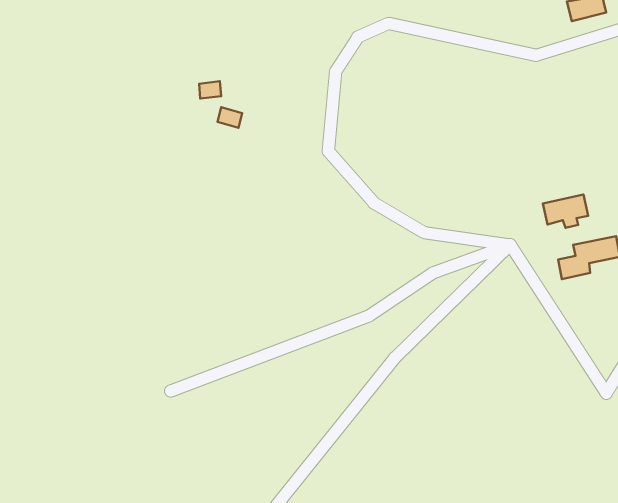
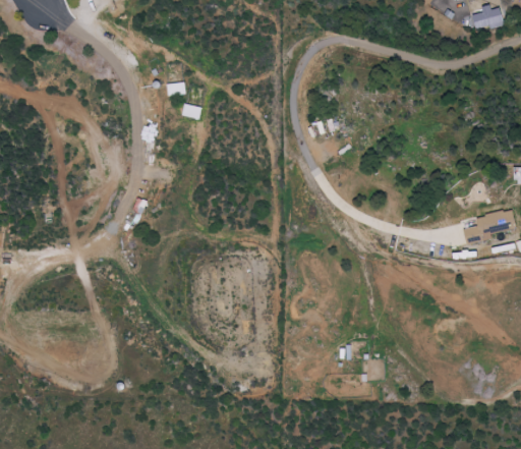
building: [543,195,588,228] -> none

